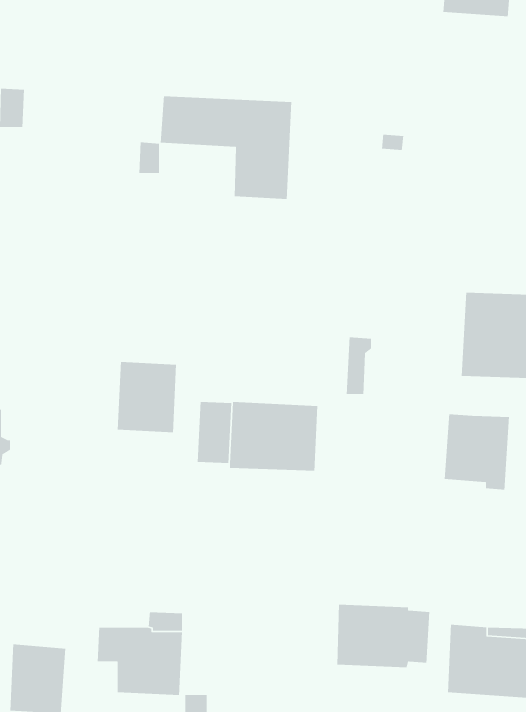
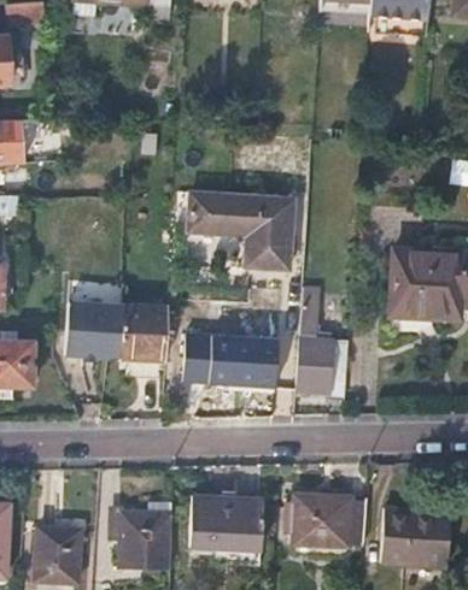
building: [160,95,292,200] -> [188,188,292,270]
building: none -> [64,303,123,359]
building: [444,414,510,490] -> [297,338,349,399]
building: none -> [188,497,262,548]

